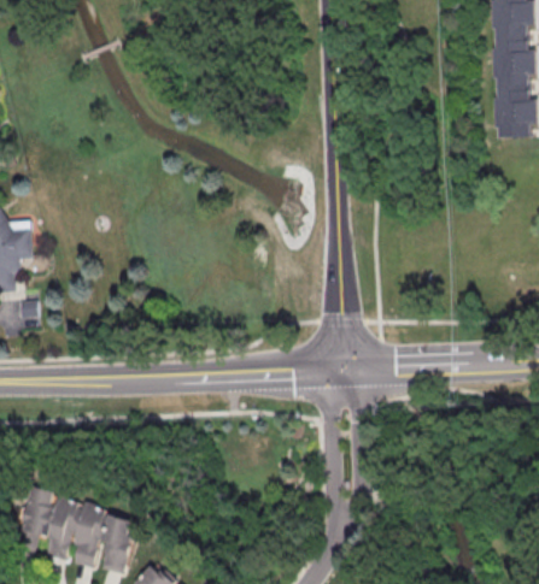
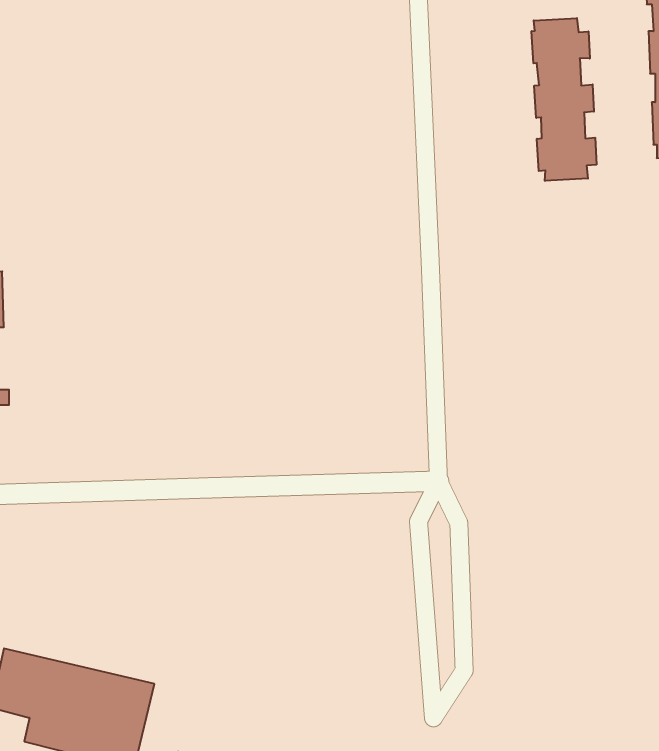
building: none -> [532,18,596,181]

